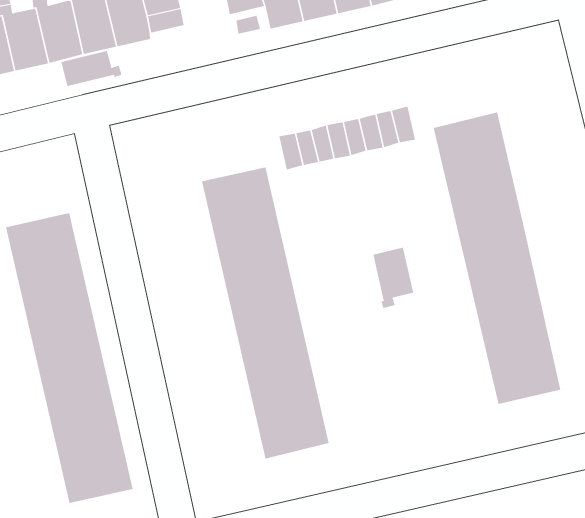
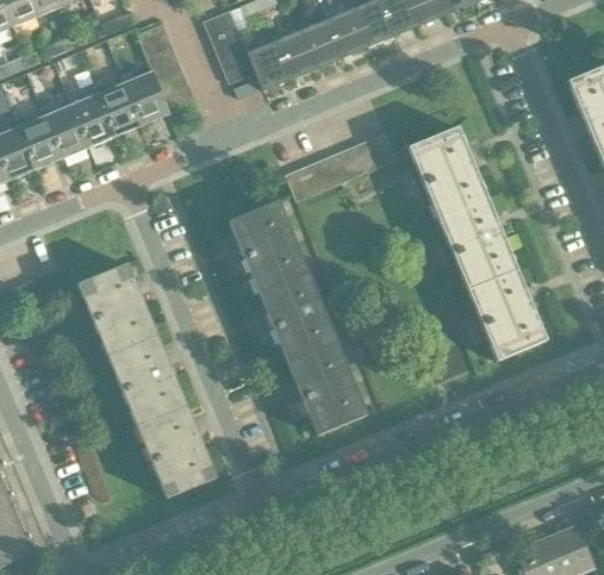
building: [61,50,122,87] -> none
building: [373,247,414,308] -> none

